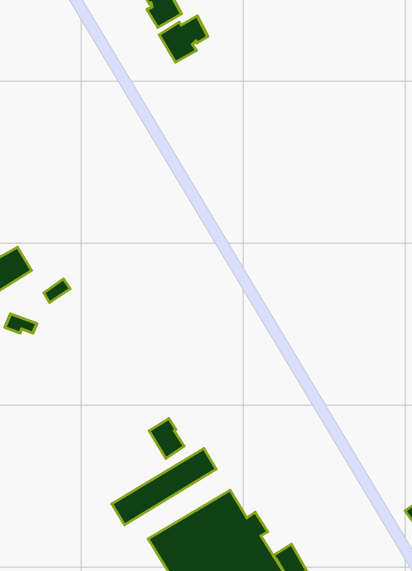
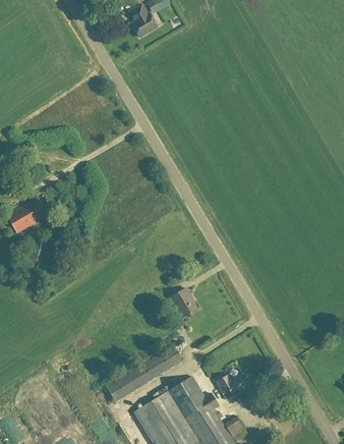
building: [159,16,208,62] -> none
building: [149,418,184,459] -> [171,287,196,317]
building: none -> [217,374,247,398]

